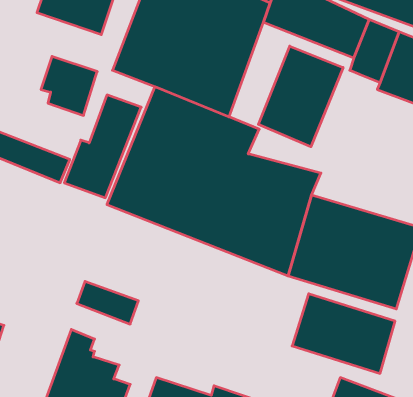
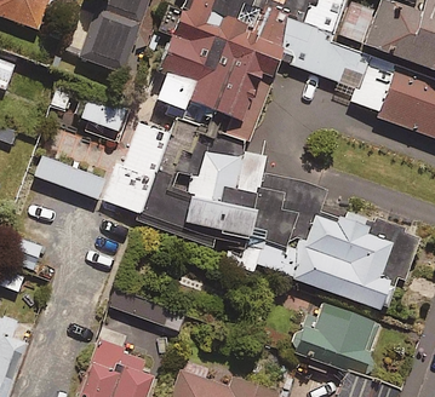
building: [258,46,343,147] -> none

